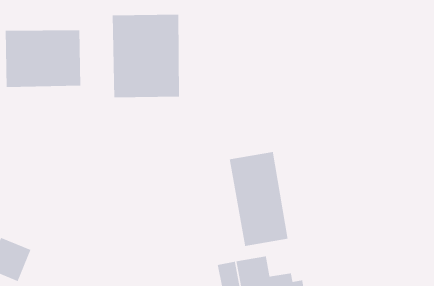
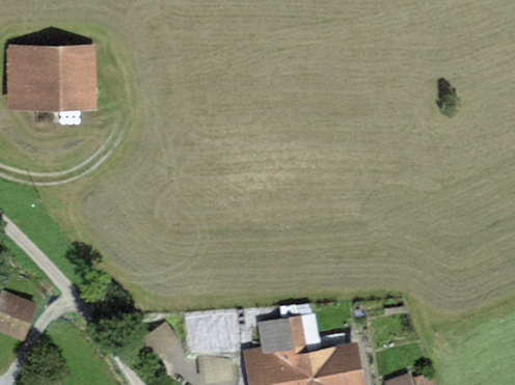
building: [112,14,180,98] -> none
building: [229,151,289,247] -> none

